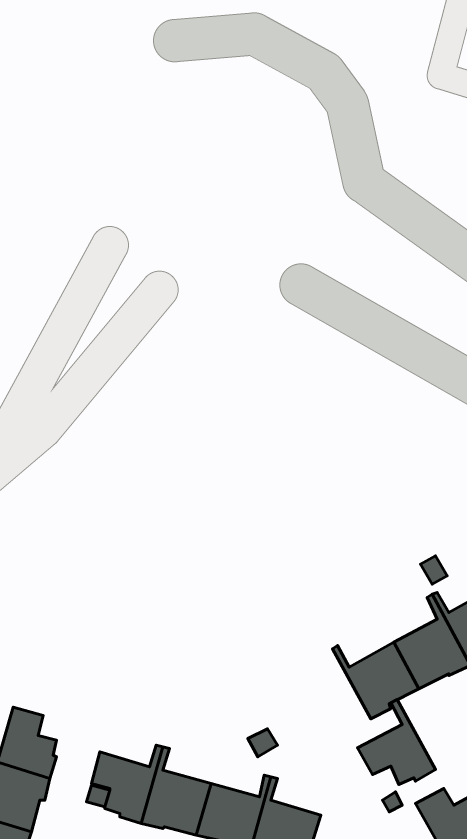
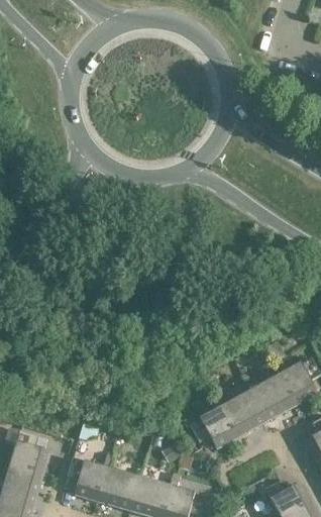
building: [357,700,436,784] -> [188,396,235,447]

